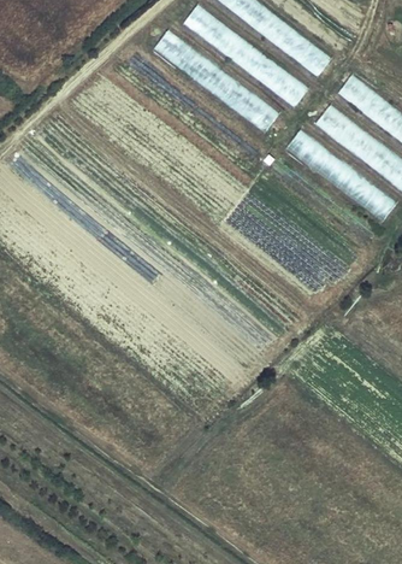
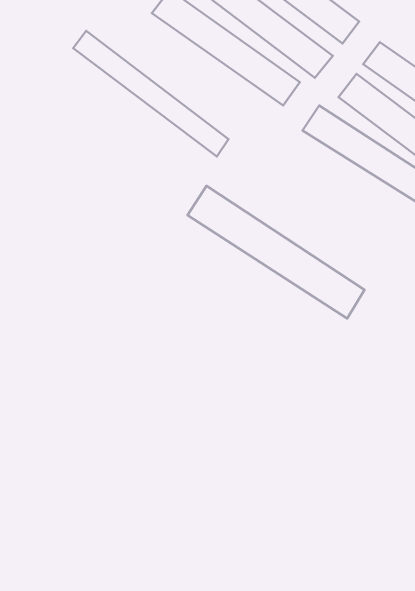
building: none -> [73,31,229,156]
building: none -> [187,186,365,318]

